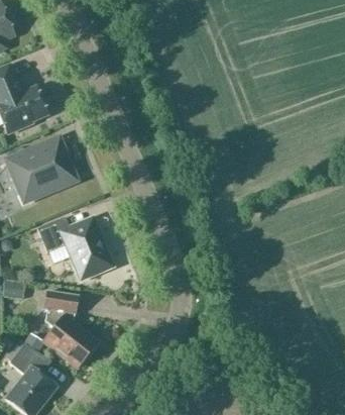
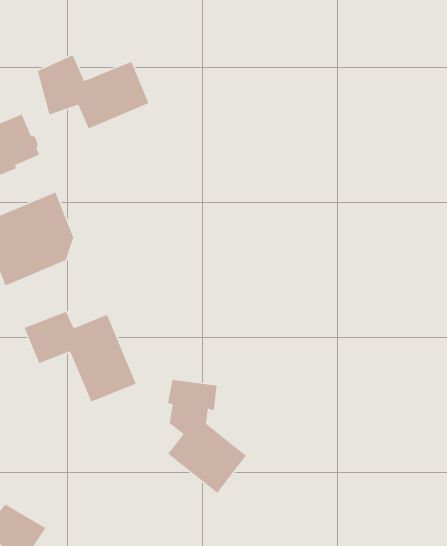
building: none -> [37,54,149,130]
building: [43,292,96,368] -> [167,379,247,494]

